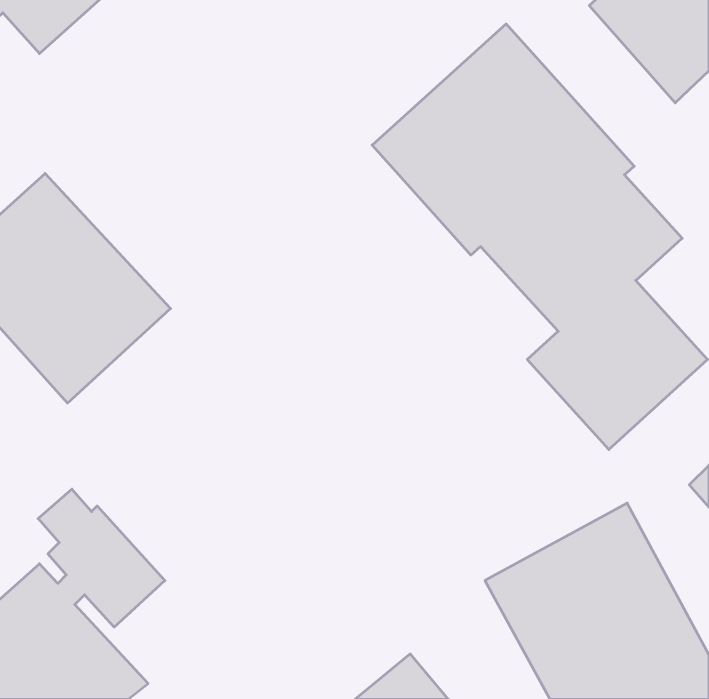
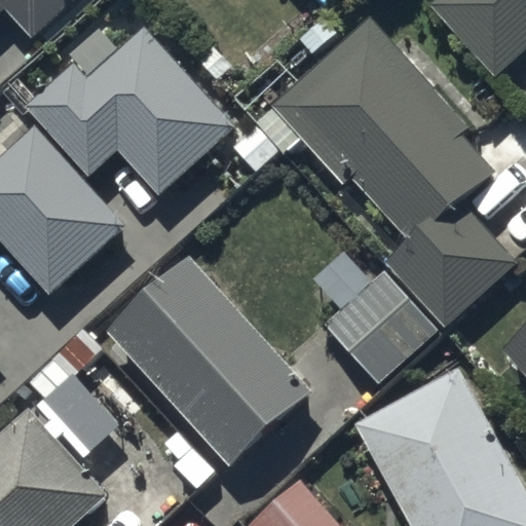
building: none -> [24,26,235,196]
building: none -> [106,258,312,469]
building: none -> [323,267,439,383]

